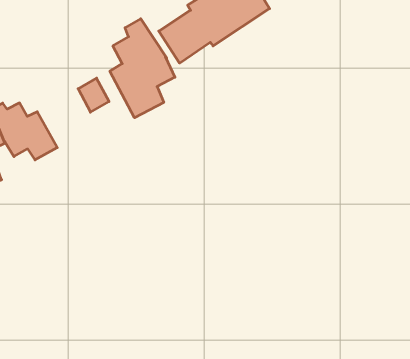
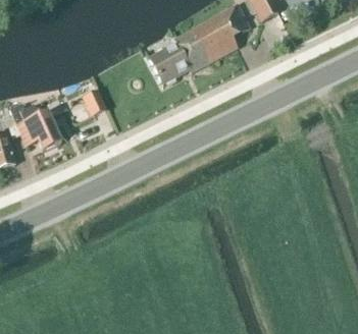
building: [110,19,175,118] -> none

